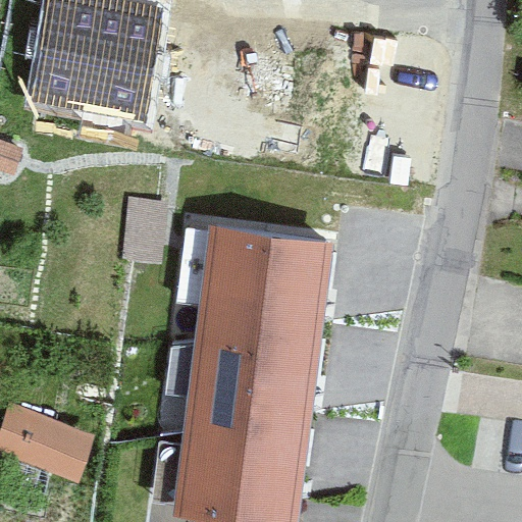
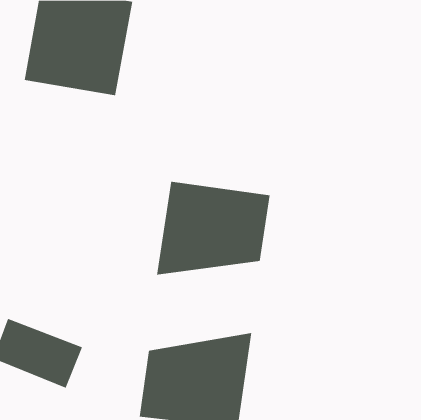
building: [182,325,321,435] -> none

